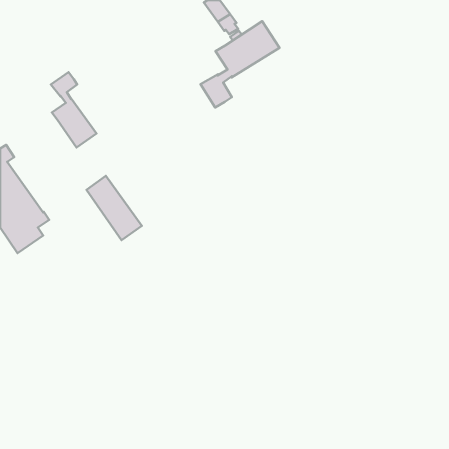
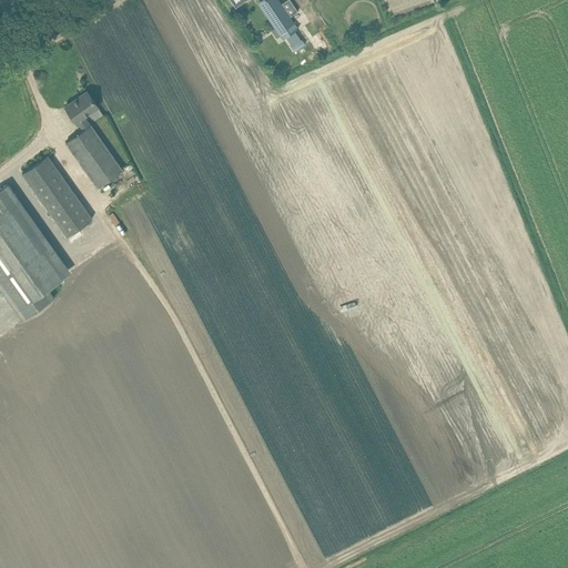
building: [200,21,279,108] -> none
building: [86,176,142,240] -> [22,155,92,236]

